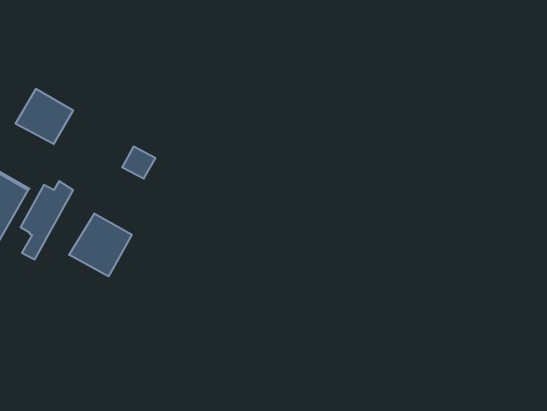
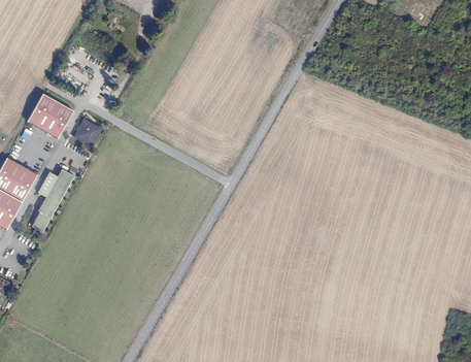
building: [122,147,155,179] -> [73,120,100,145]
building: [69,213,132,276] -> none

